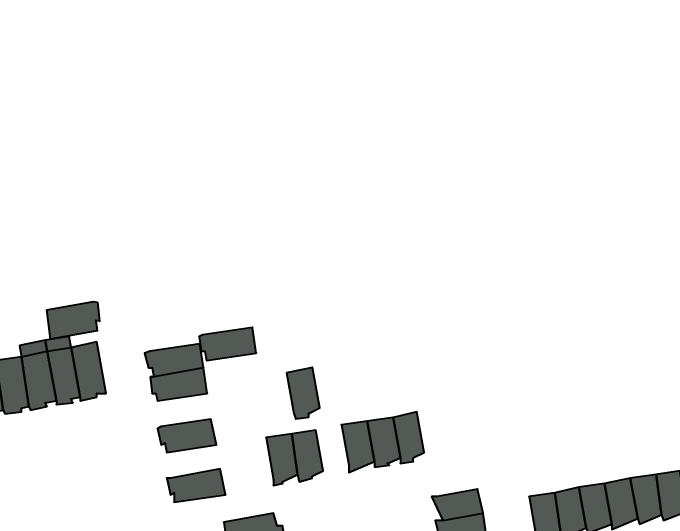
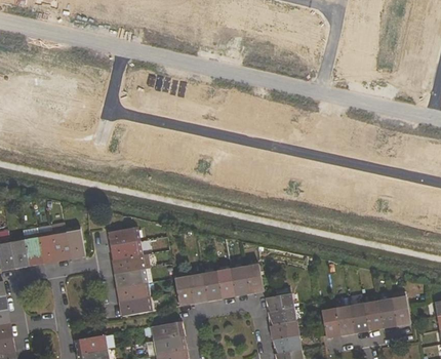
building: [47,302,100,339] -> none
building: [199,327,256,361] -> [112,254,144,273]
building: [287,367,320,419] -> [202,272,221,301]
building: none -> [117,283,149,302]
building: none -> [264,293,292,312]

